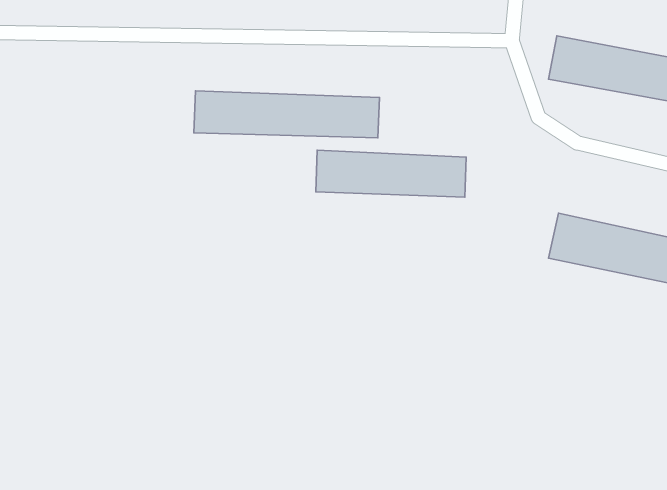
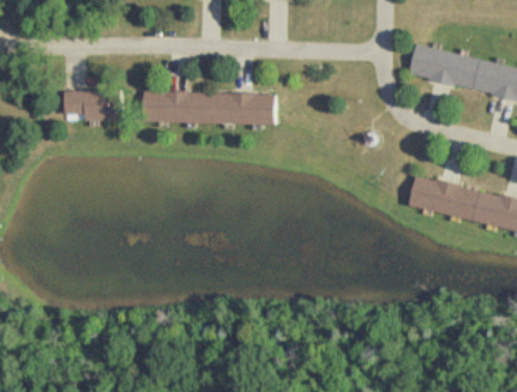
building: none -> [68,89,113,119]
building: [316,150,466,197] -> none

